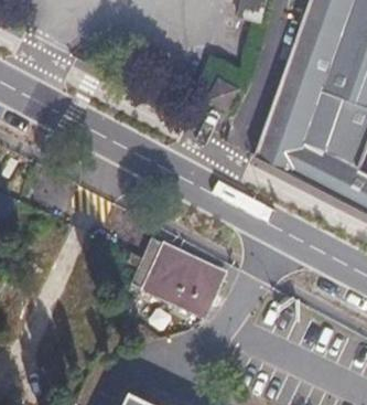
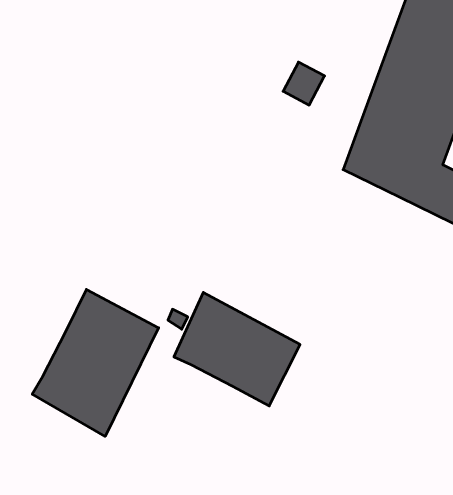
building: none -> [32,289,159,436]

